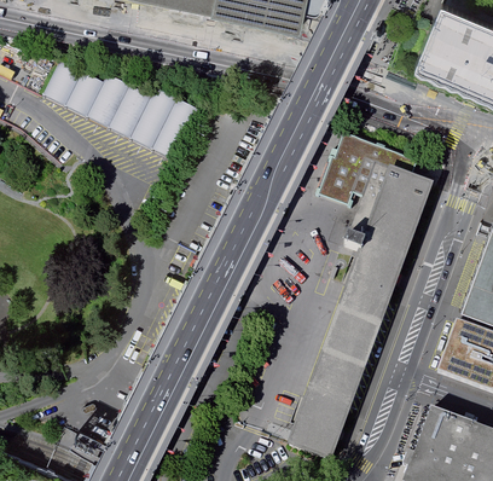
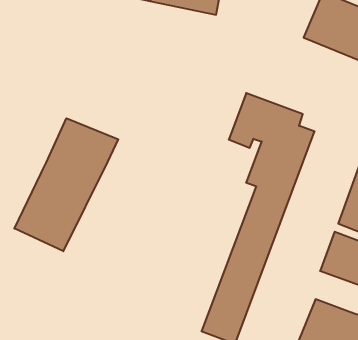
building: [44,68,199,163] -> none
building: none -> [14,118,118,251]

